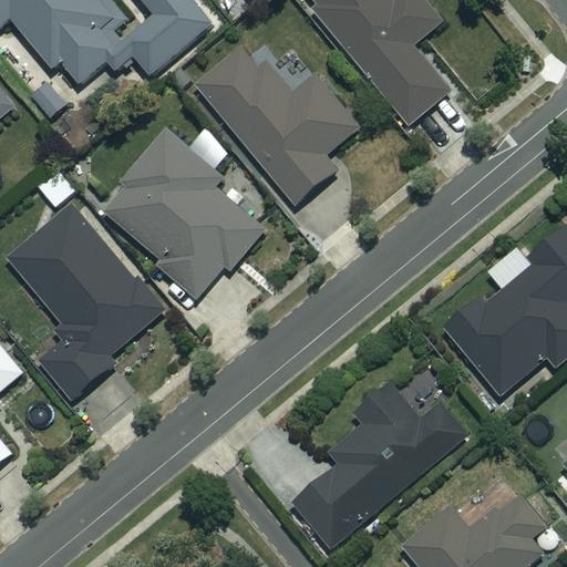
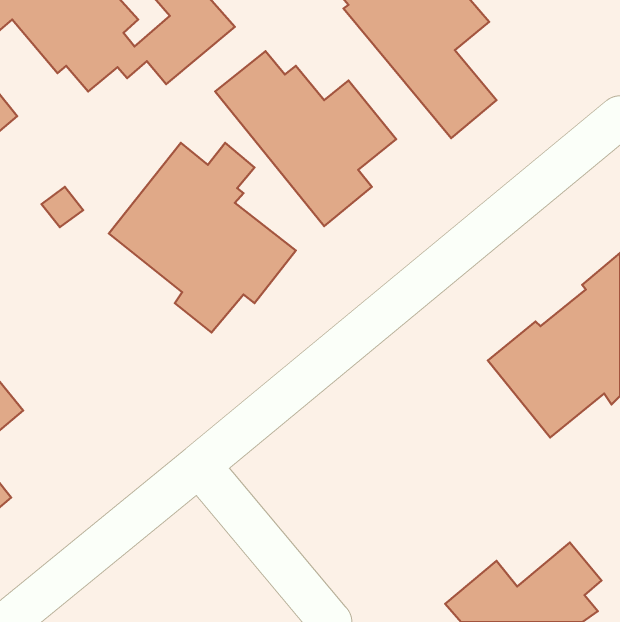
building: [7,205,166,398] -> none
building: [291,381,467,550] -> none

